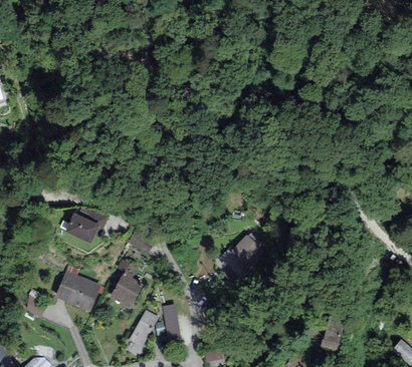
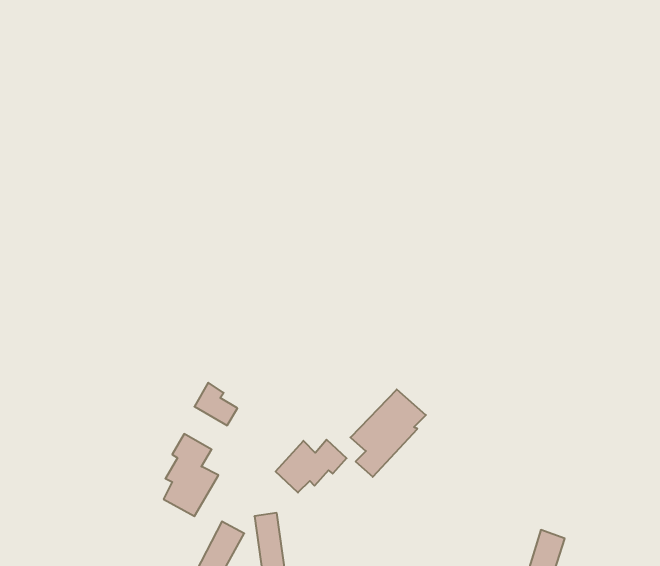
building: [67,212,107,241] -> none
building: none -> [276,440,347,493]
building: [55,272,100,313] -> none

